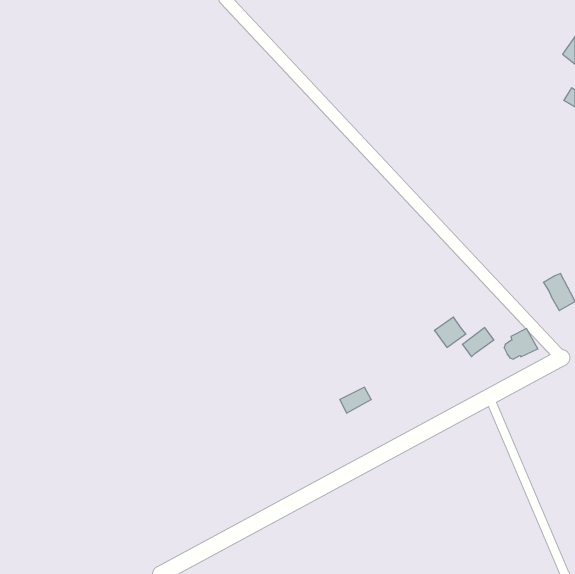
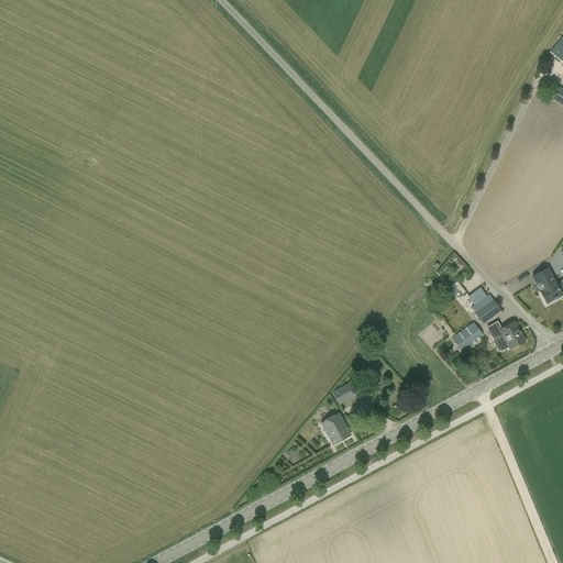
building: [434,317,466,347] -> [471,294,501,323]
building: none -> [321,412,351,444]

